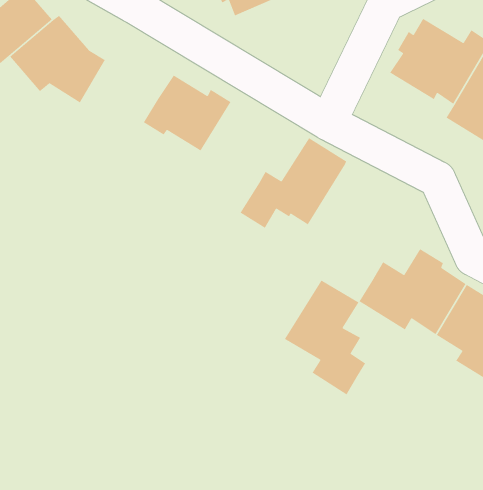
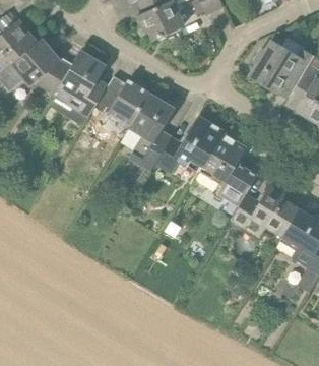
building: none -> [55,50,106,117]
building: none -> [129,93,175,171]
building: [284,280,366,395] -> [199,132,251,205]

